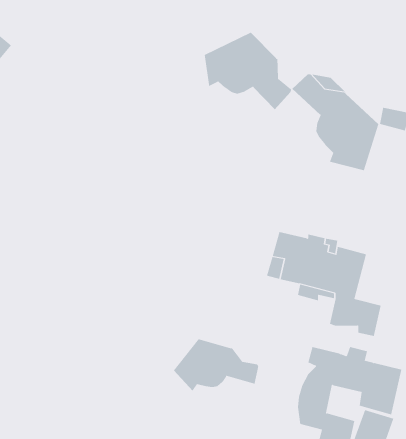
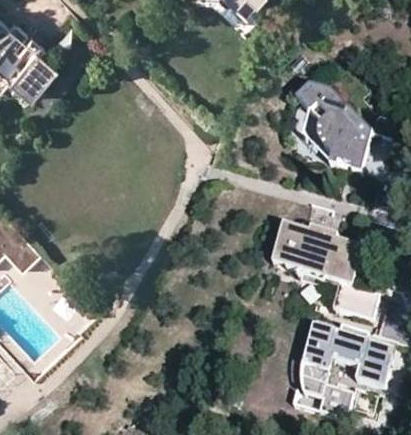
building: [204,32,291,110] -> none
building: [173,338,259,392] -> none

